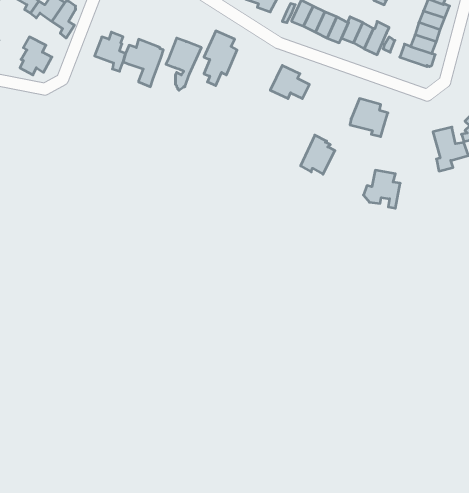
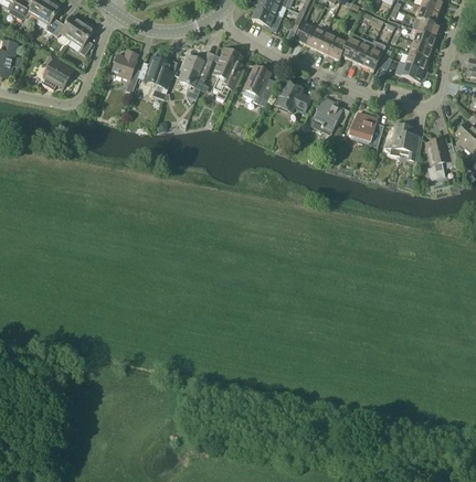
building: none -> [243,64,272,106]
building: [301,135,335,174] -> [310,96,342,132]
building: [363,170,400,208] -> [384,124,419,159]

